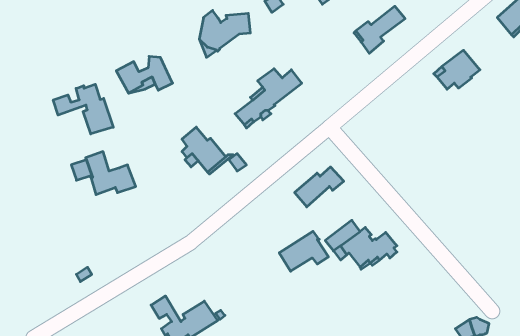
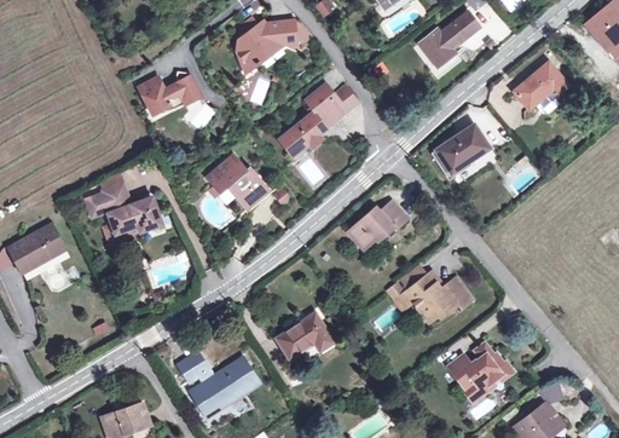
building: [53,84,113,134] -> none
building: none -> [435,123,487,171]
building: none -> [8,224,68,279]
building: [279,231,328,271] -> [276,312,334,359]
building: none -> [447,344,511,396]

